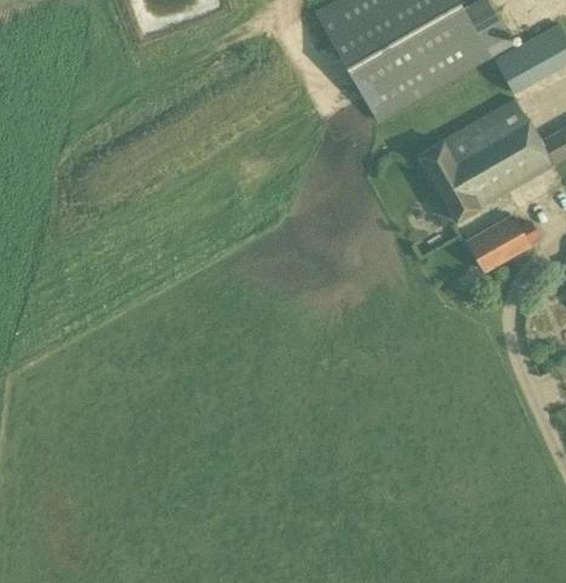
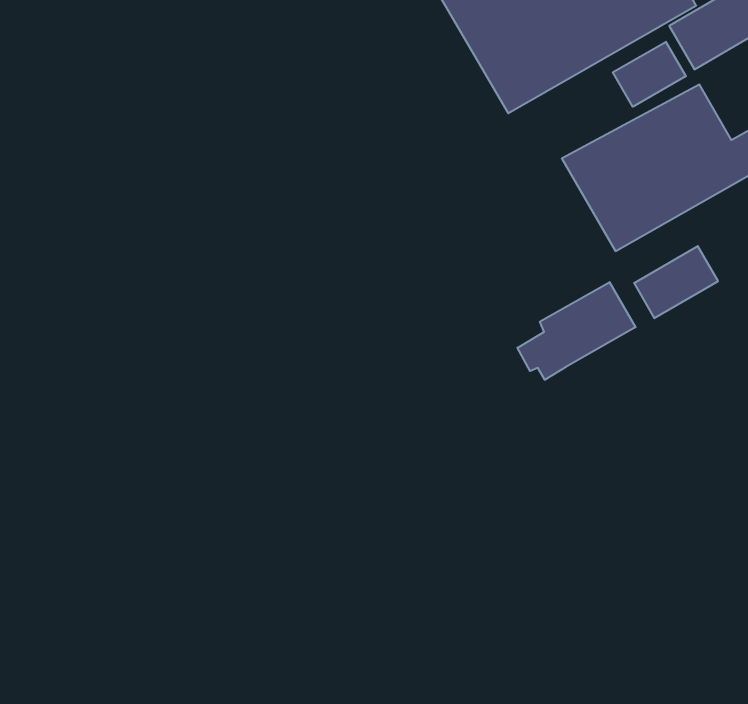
building: none -> [613,42,686,107]
building: none -> [517,282,636,380]

